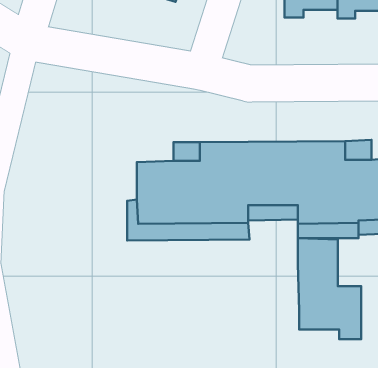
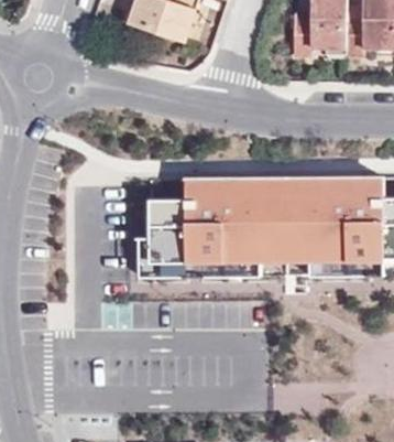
building: [298,238,361,339] -> none

